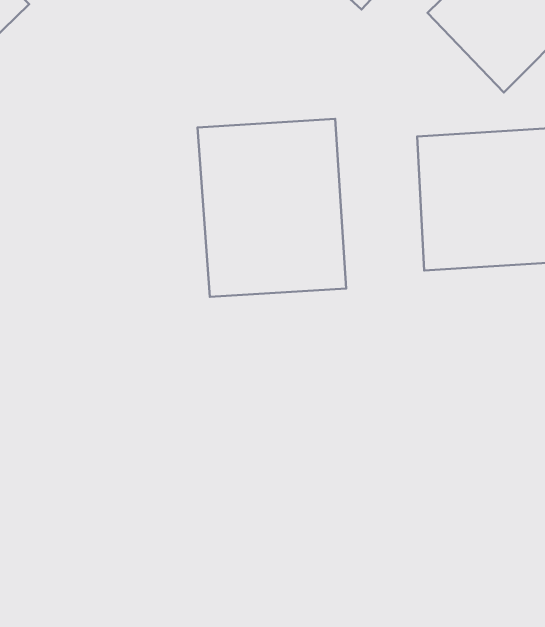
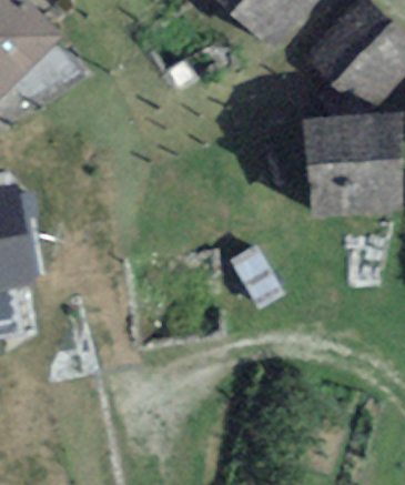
building: [197,119,346,297] -> none

